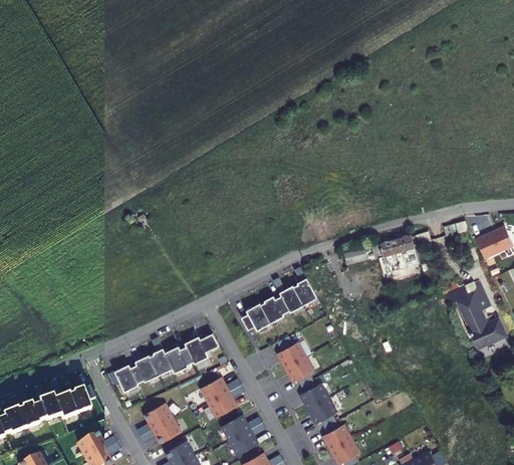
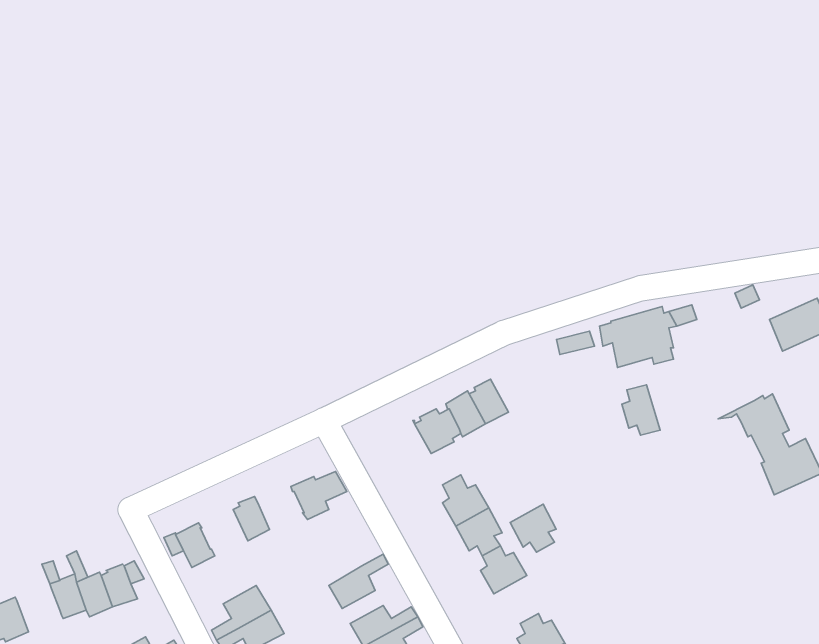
building: none -> [622,385,660,435]
building: [241,302,270,330] -> none
building: [165,342,195,373] -> none
building: [130,355,159,383] -> none
building: [200,377,241,403] -> none
building: [308,397,336,426] -> [510,504,556,552]
building: [18,405,45,431] -> none

